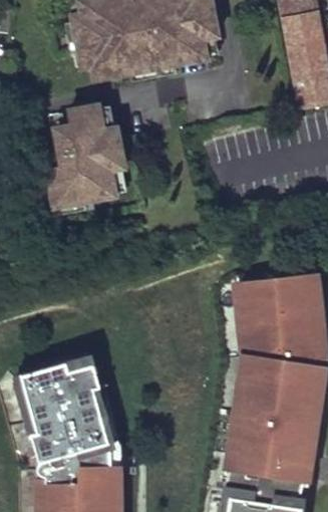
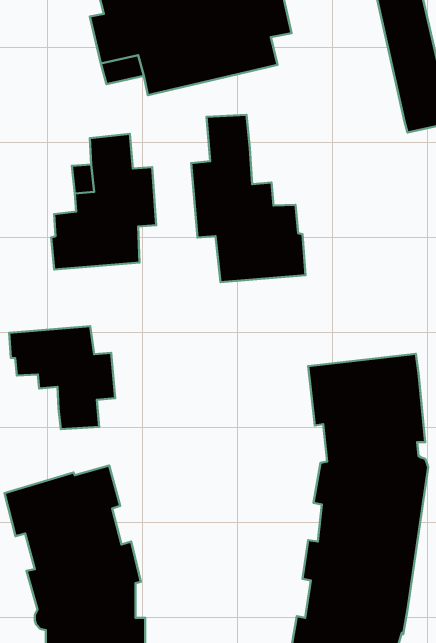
building: none -> [191,115,306,282]
building: none -> [9,326,115,429]

